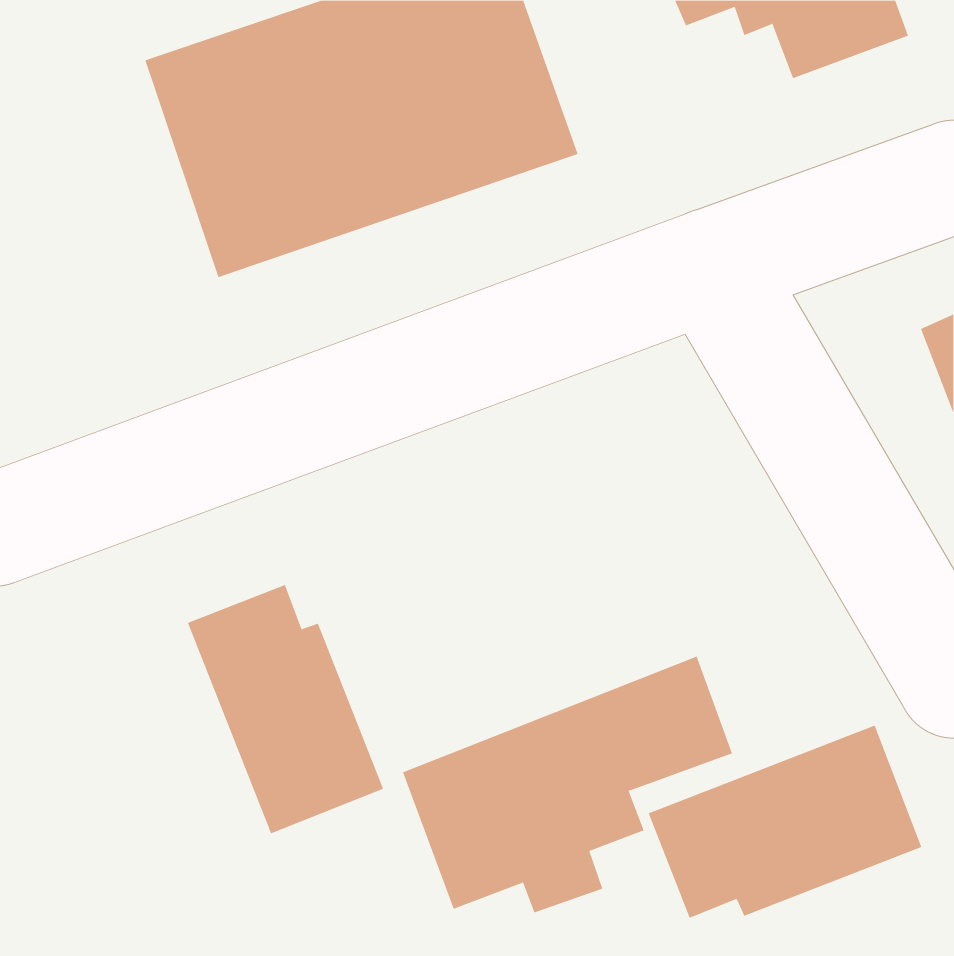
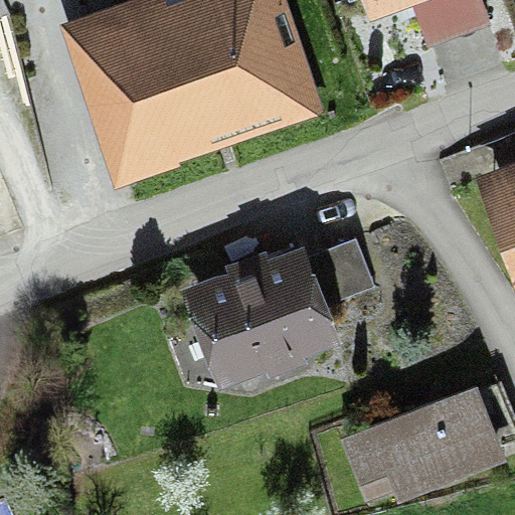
building: [187,584,384,834] -> none
building: [402,656,733,913] -> [197,236,374,374]

